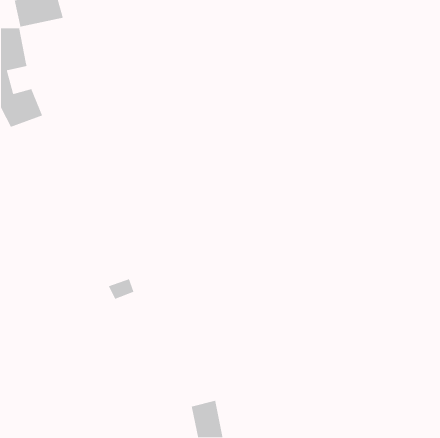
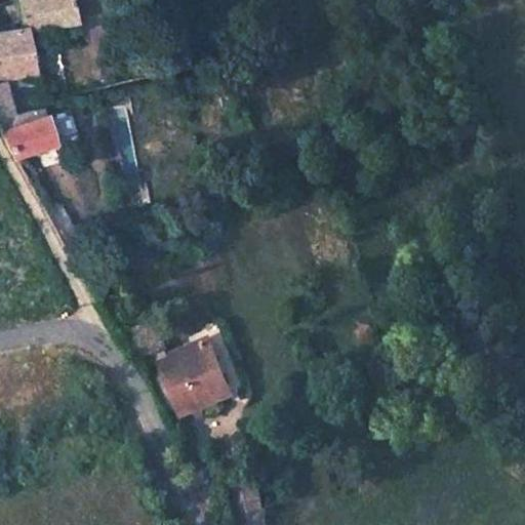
building: none -> [160,340,229,413]

